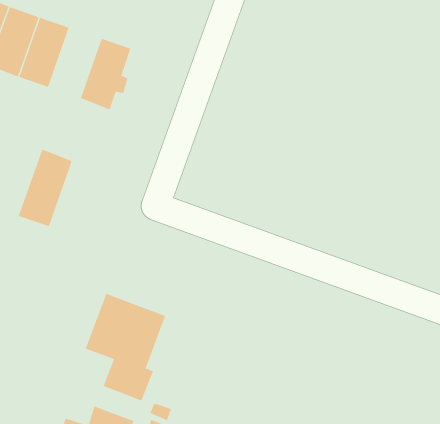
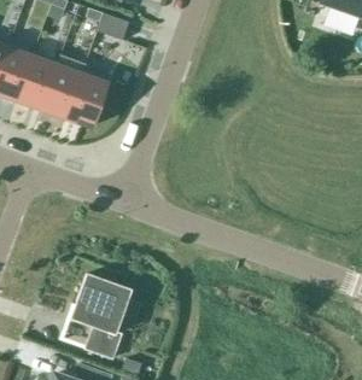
building: [18,149,72,227] -> [40,54,83,117]

